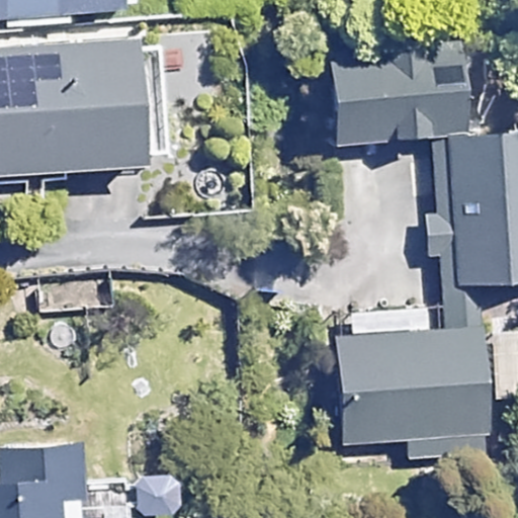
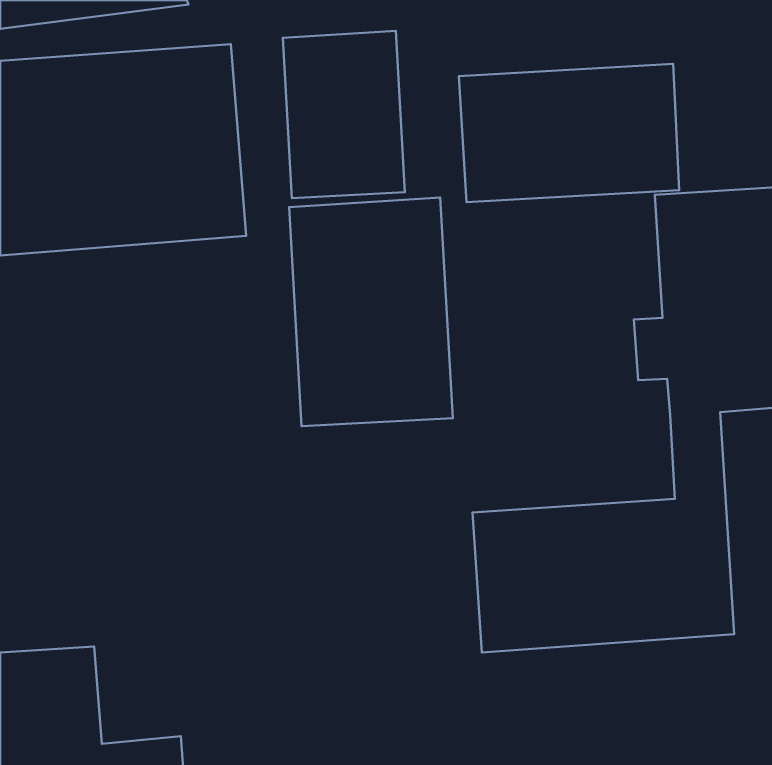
building: none -> [283,31,405,198]
building: none -> [289,197,453,426]

